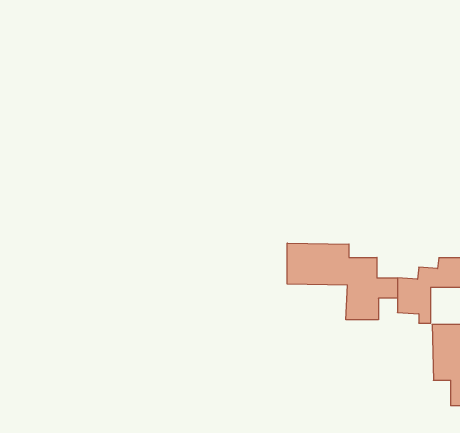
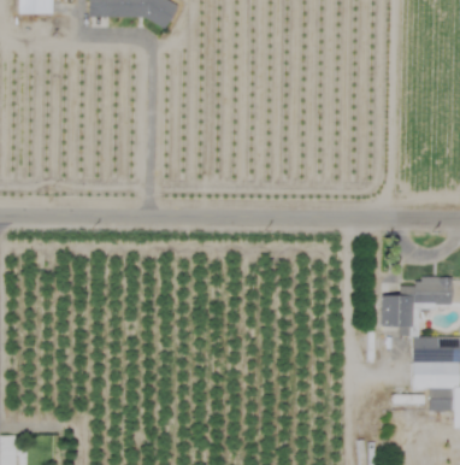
building: [287,243,397,320] -> none

